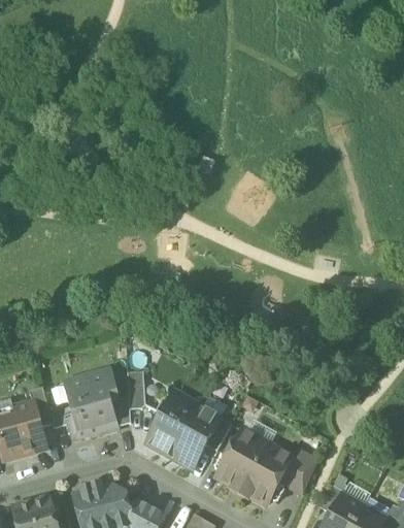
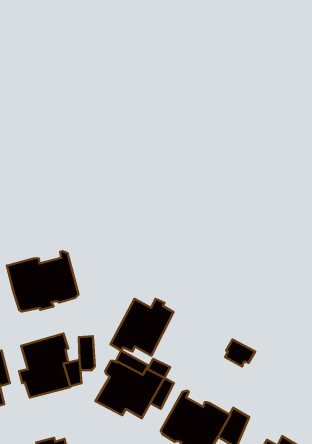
building: none -> [7,251,79,311]
building: none -> [110,299,173,356]
building: [244,421,277,451] -> [225,339,255,367]

